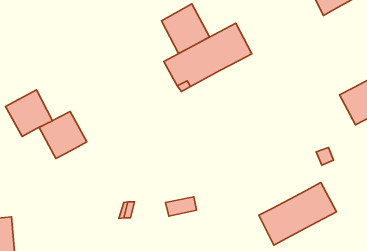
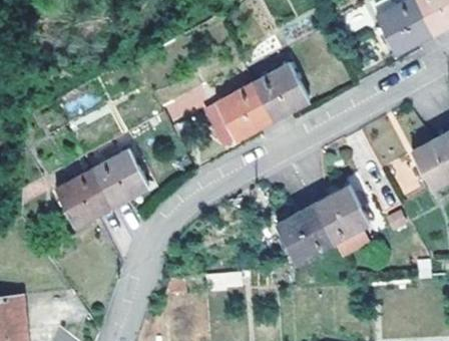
building: [162,4,209,53] -> none
building: [6,90,52,137] -> [91,149,147,206]
building: [259,183,337,245] -> [276,185,369,260]

